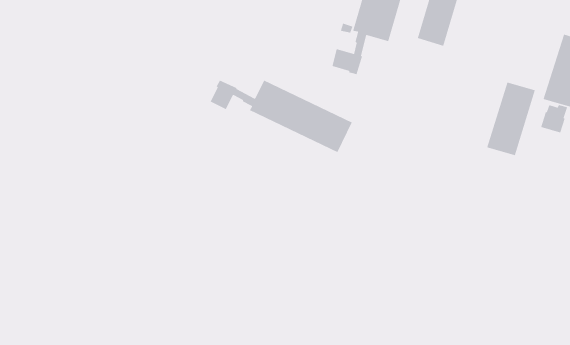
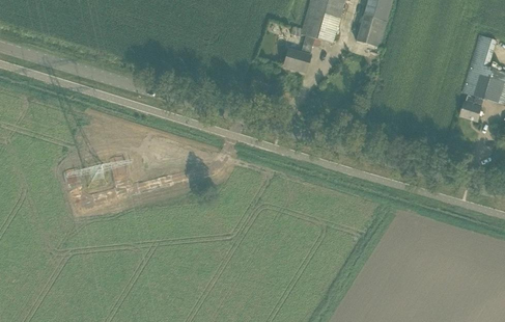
building: [210,79,353,153] -> none
building: [486,81,536,156] -> none

